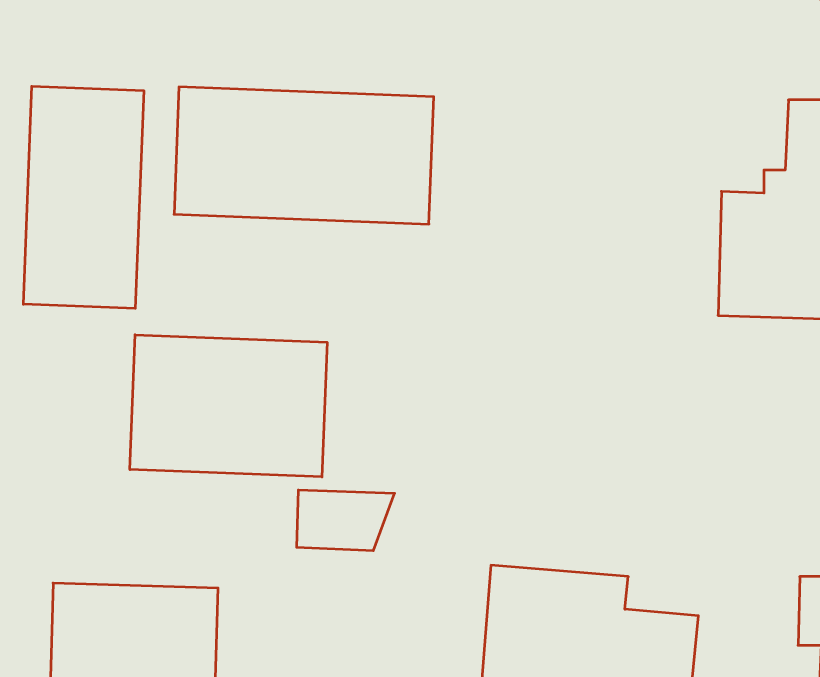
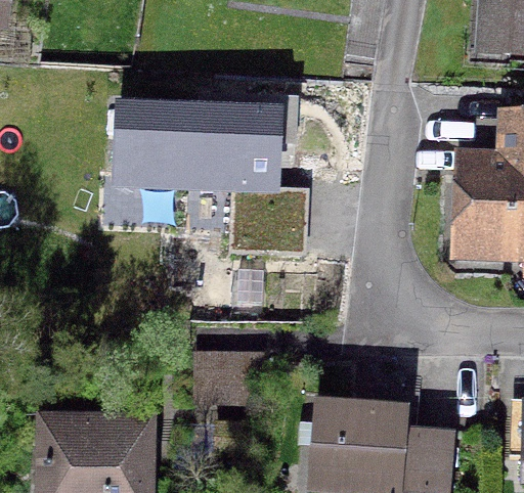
building: [23,86,144,308] -> none
building: [130,335,327,477] -> none

